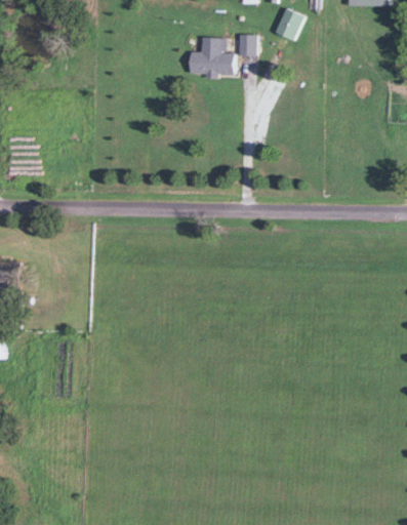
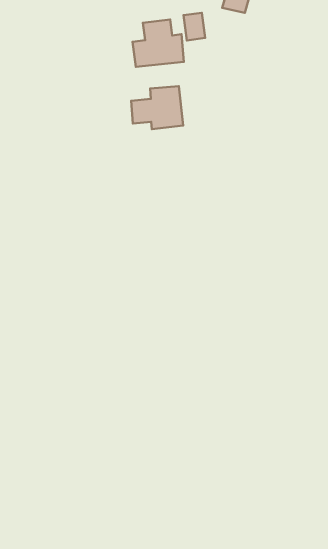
building: none -> [131,86,183,129]

